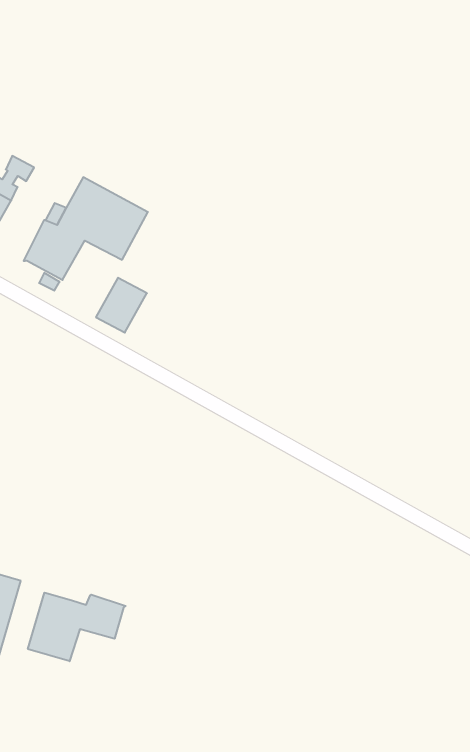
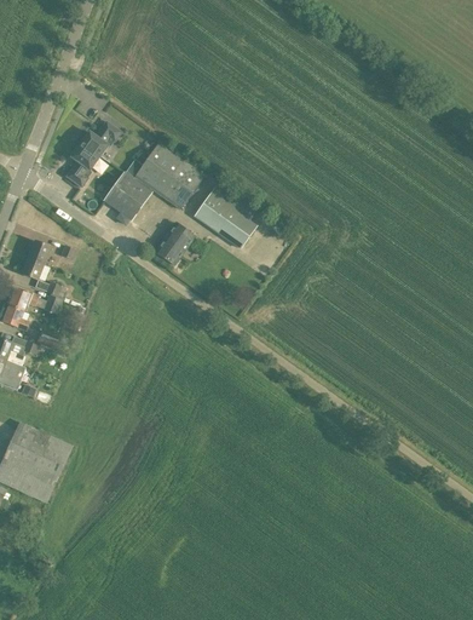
building: none -> [192,191,256,249]
building: [28,593,126,661] -> none

